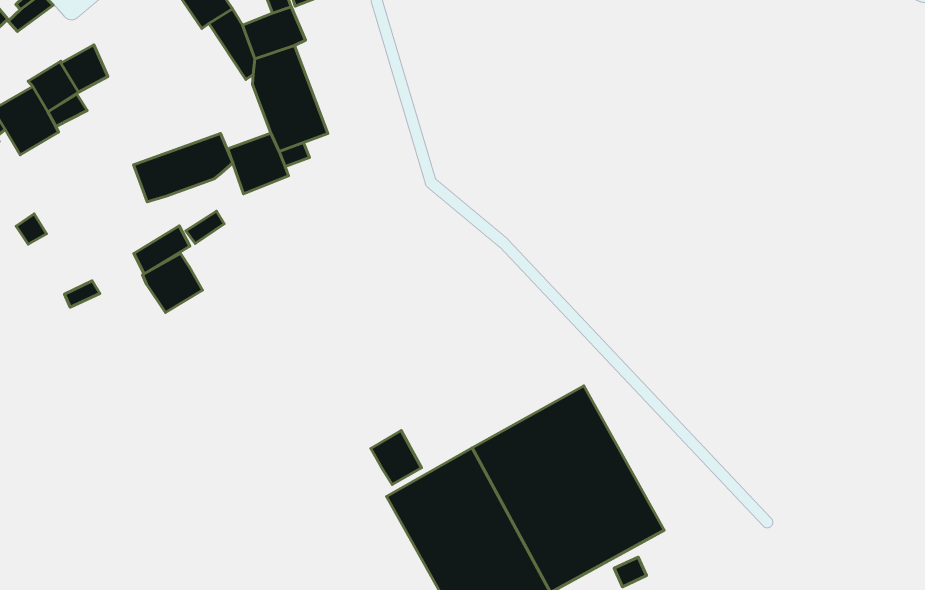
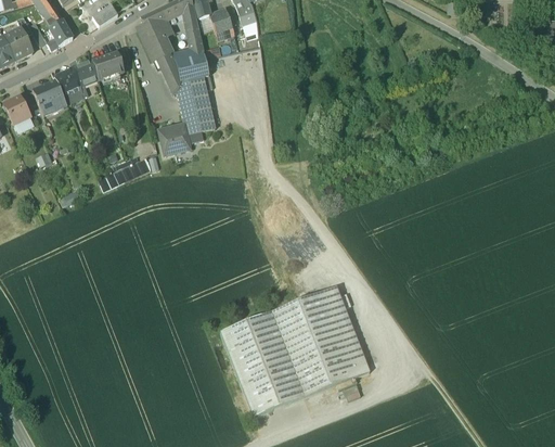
building: none -> [92,52,122,79]
building: [134,134,233,202] -> none
building: [143,253,202,312] -> none
building: [371,431,422,484] -> none

